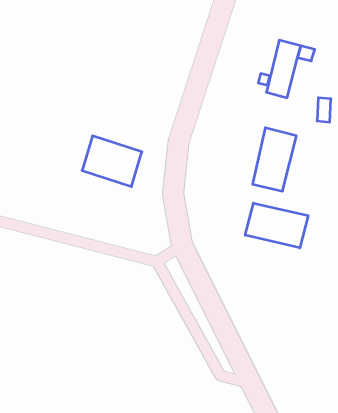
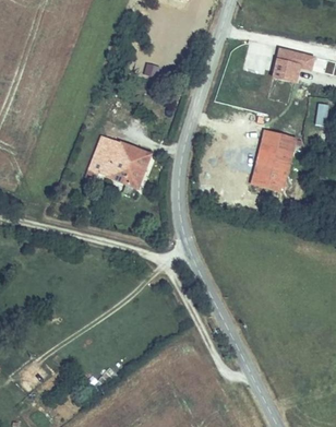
building: [245,203,308,248] -> none

